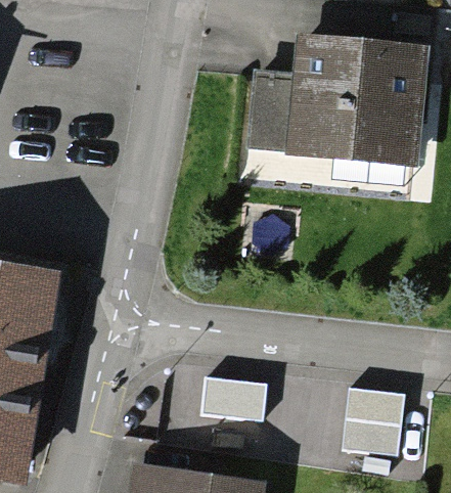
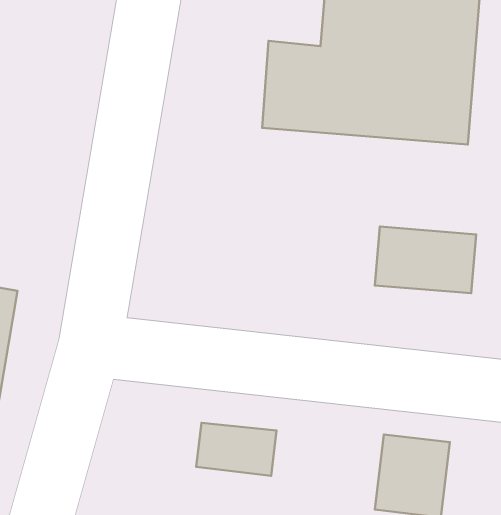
building: none -> [375,227,476,293]

